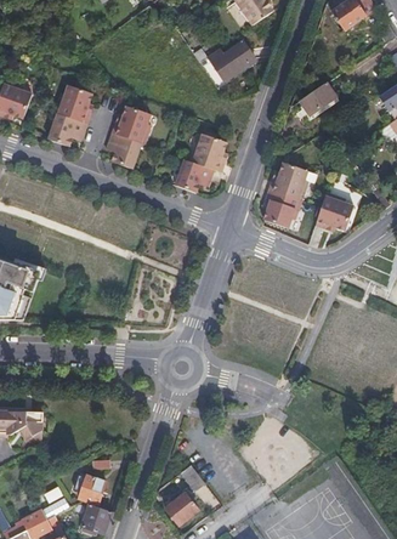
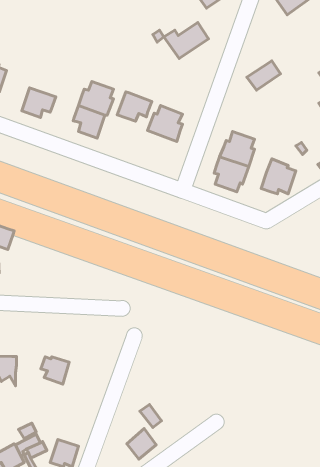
building: [55,84,92,121] -> none
building: [175,158,214,191] -> [117,92,152,121]
building: [74,473,106,504] -> [41,357,69,384]

